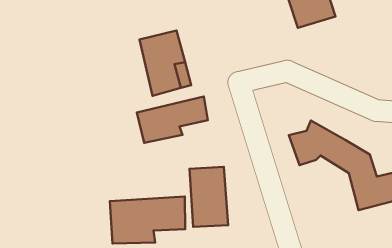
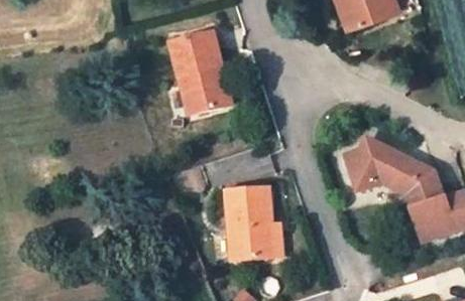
building: [137,97,208,143] -> none
building: [110,197,185,244] -> none

